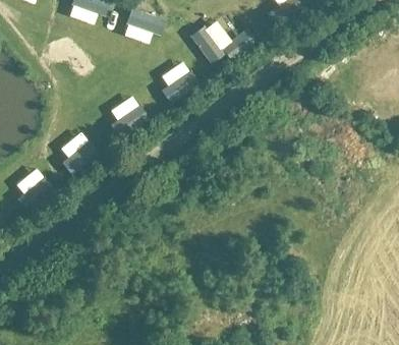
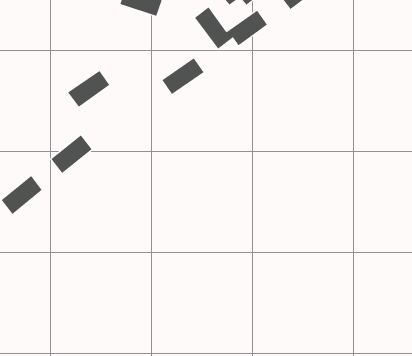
building: [110,104,149,137] -> [67,70,110,107]

